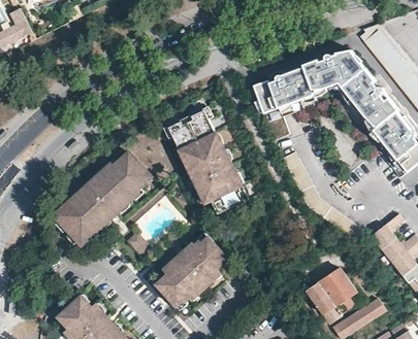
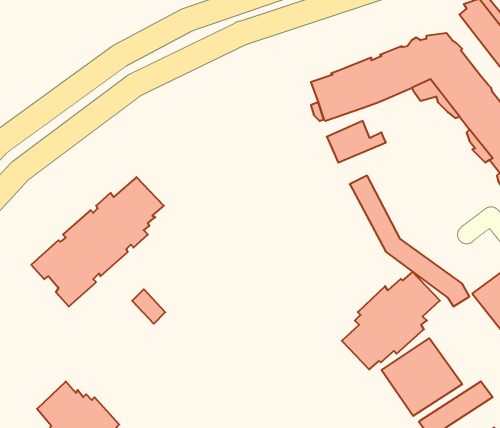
building: [167,107,244,213] -> none
building: [157,236,227,306] -> [342,272,440,370]

